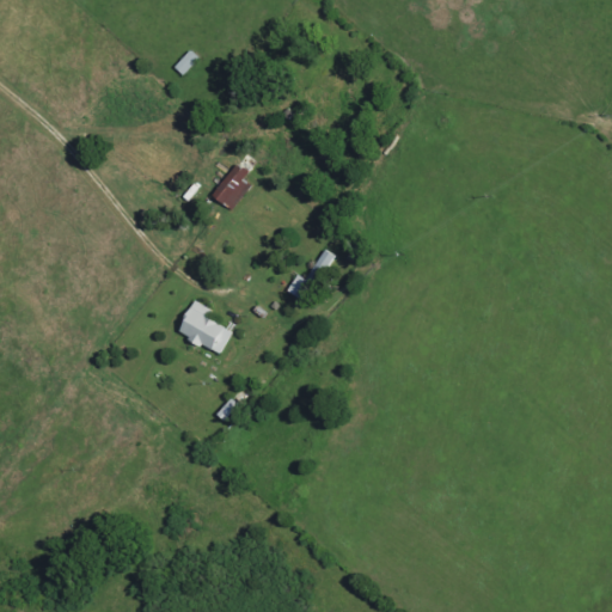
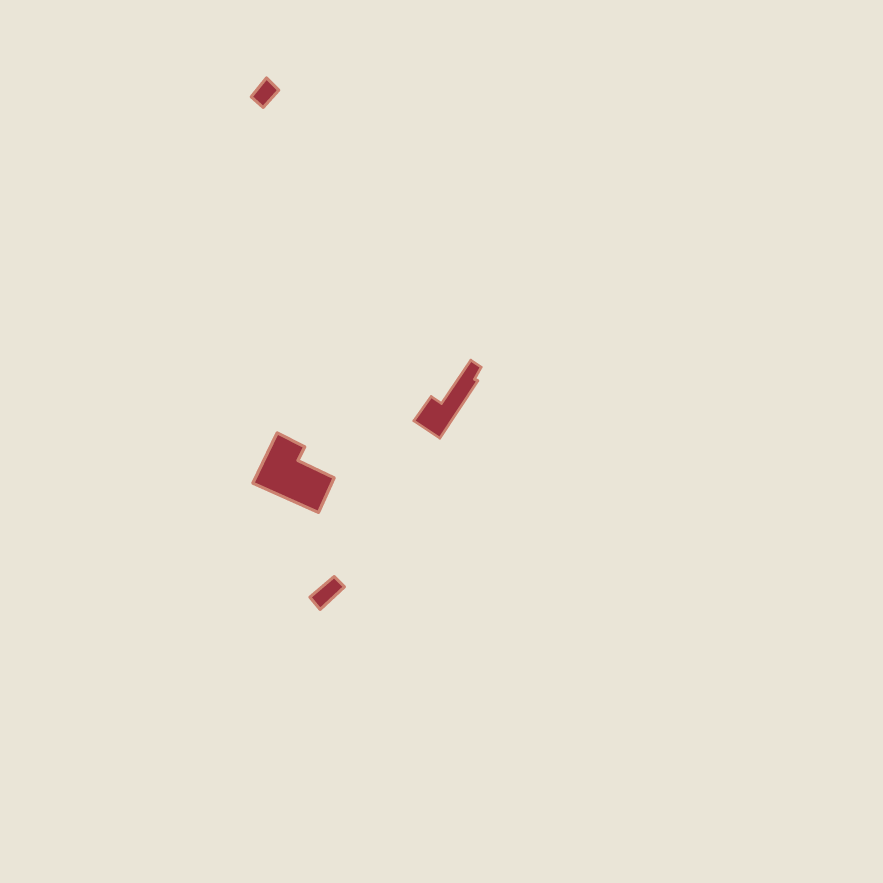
building: [213,163,250,209] -> none

